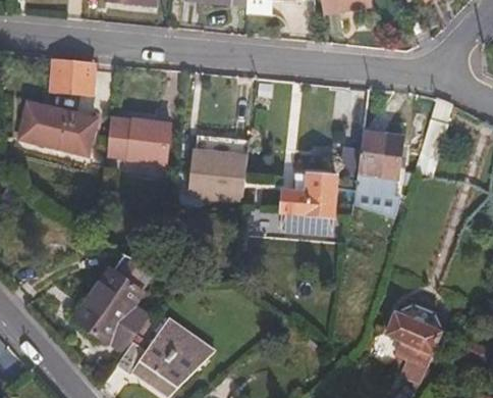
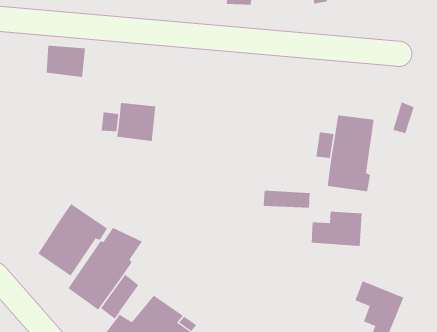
building: [20,104,98,157] -> none
building: [189,136,250,198] -> none
building: [280,175,335,212] -> [311,211,362,247]
building: none -> [38,203,108,277]

